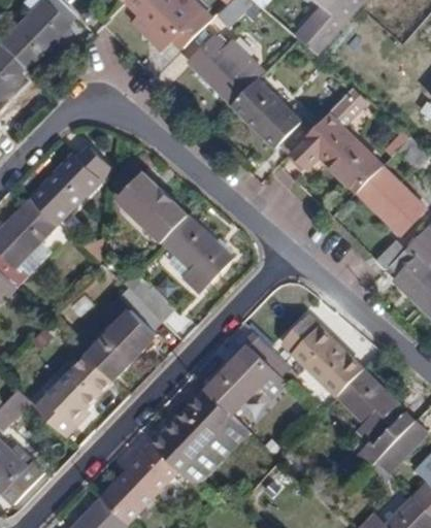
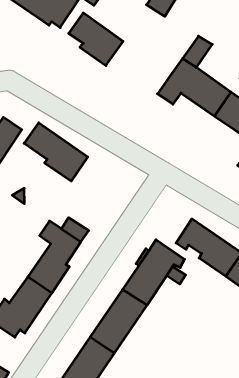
building: [231,78,316,153] -> none
building: [163,217,232,292] -> none
building: [180,416,246,484] -> none

